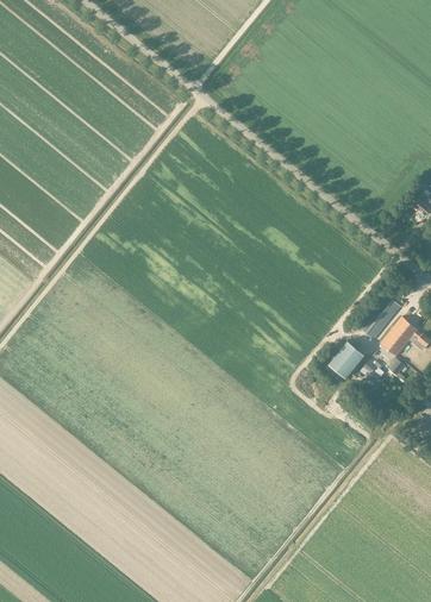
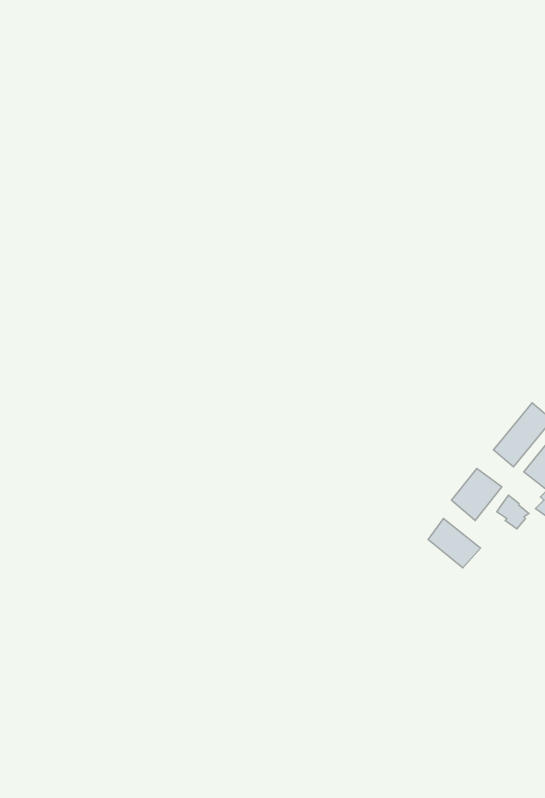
building: none -> [428,519,480,568]

